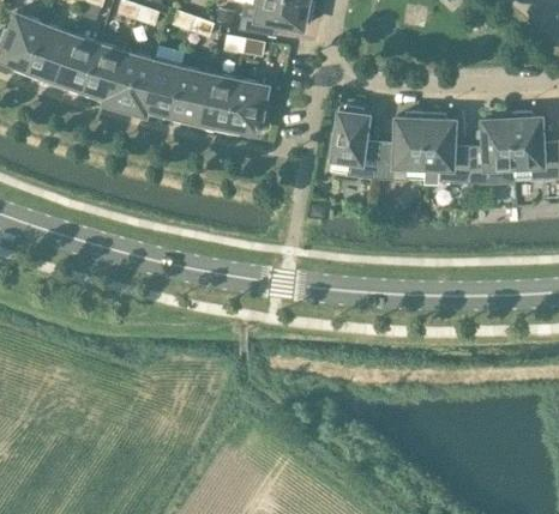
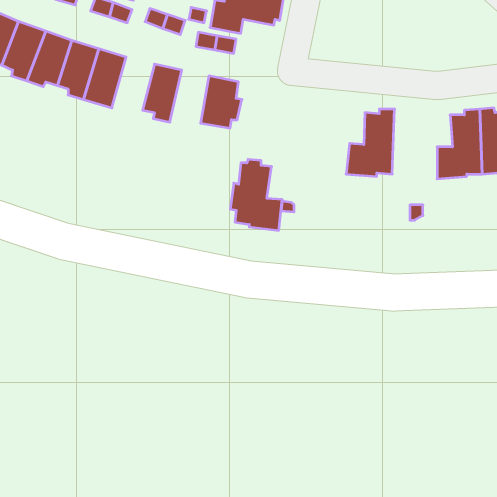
building: [139,47,185,117] -> none
building: [198,74,238,131] -> none
building: [327,108,380,180] -> [230,159,282,230]
building: [423,114,469,185] -> none

